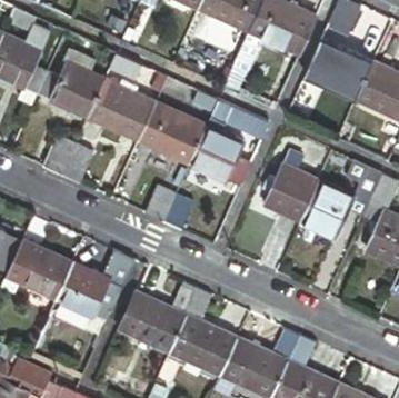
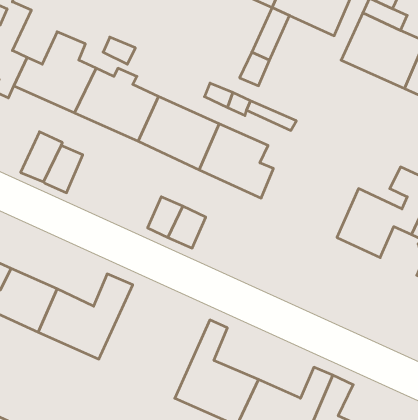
building: [267,152,320,221] -> none
building: [118,282,198,354] -> none

